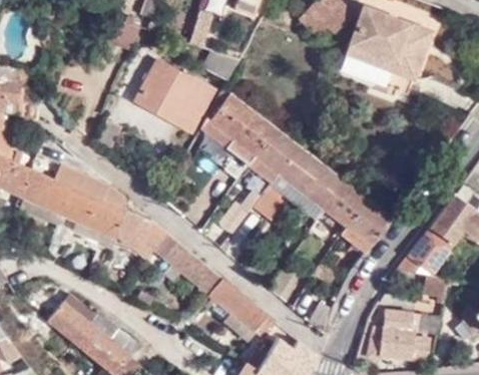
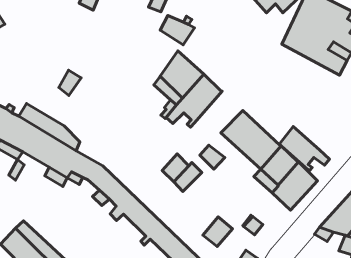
building: [133,61,214,133] -> none
building: [250,128,302,184] -> none
building: none -> [279,127,330,171]

